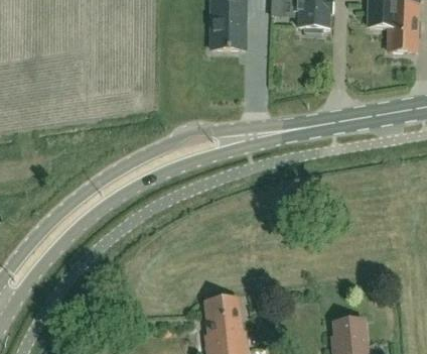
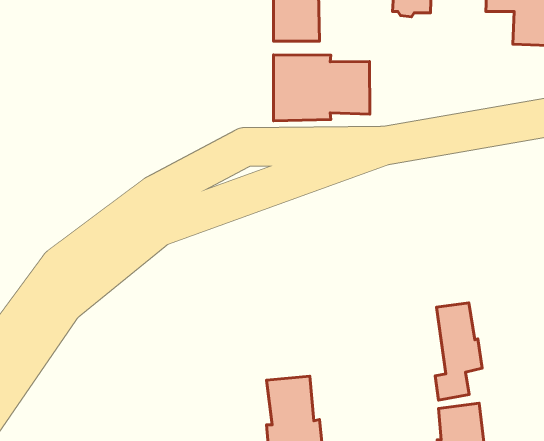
building: none -> [274,55,370,121]
building: none -> [435,303,482,400]

